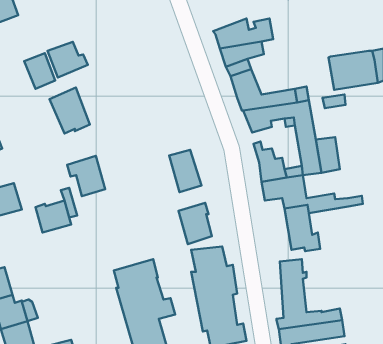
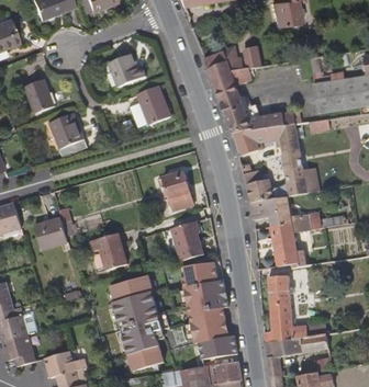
building: [47,42,88,77] -> [108,54,146,88]
building: none -> [130,86,171,127]
building: [67,156,105,196] -> [91,232,127,271]

